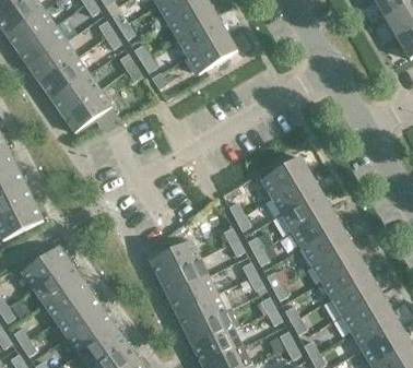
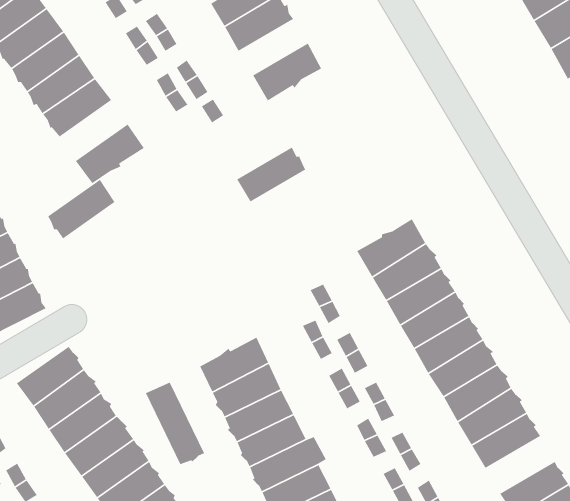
building: [177,16,226,56] -> [236,146,306,202]
building: [51,73,99,116] -> [47,179,116,239]
building: none -> [145,381,205,465]
building: [351,309,400,349] -> none

